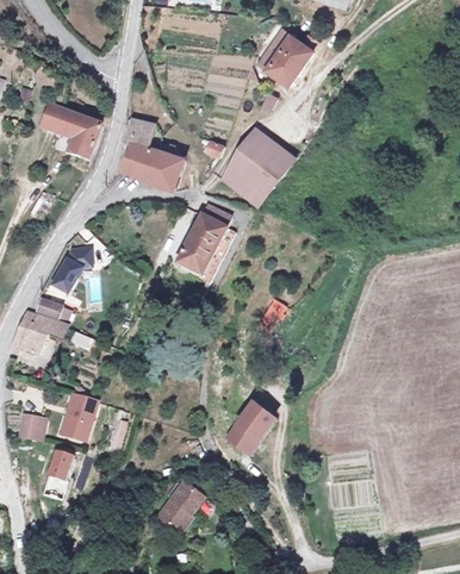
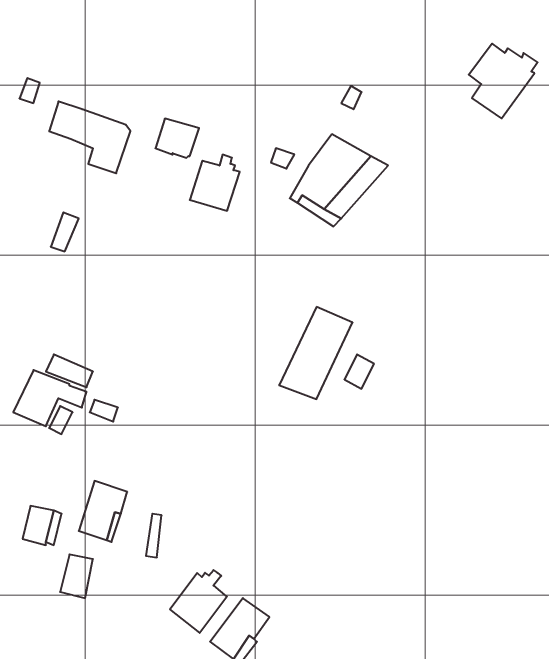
building: [268,32,321,89] -> [469,44,538,118]
building: [119,139,155,179] -> none
building: [178,206,234,276] -> [279,307,353,399]
building: [49,245,92,293] -> none
building: [224,398,276,454] -> none
building: none -> [170,570,227,633]

